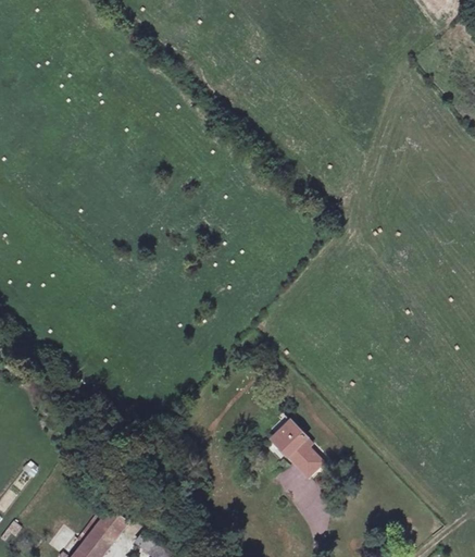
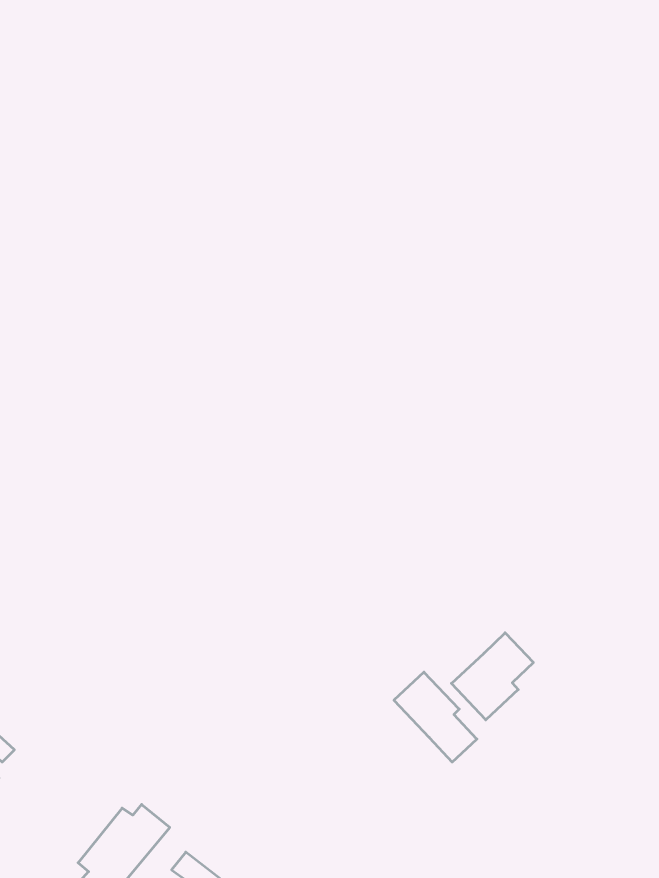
building: none -> [451,633,533,720]

